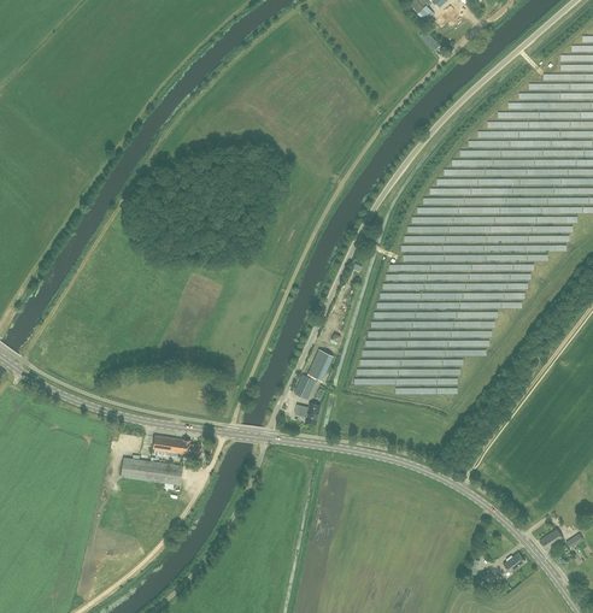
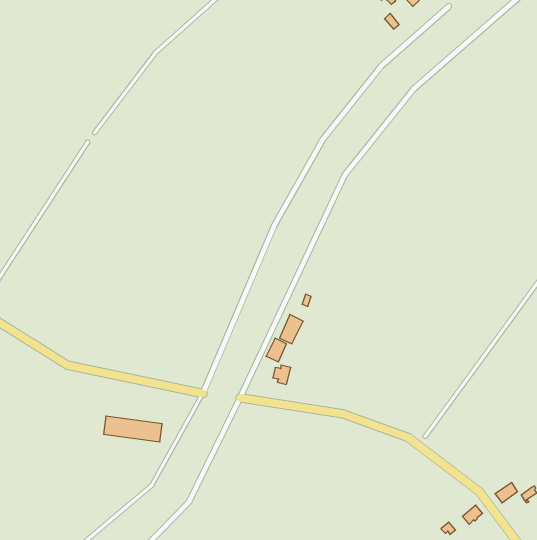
building: [152,435,200,455] -> none

